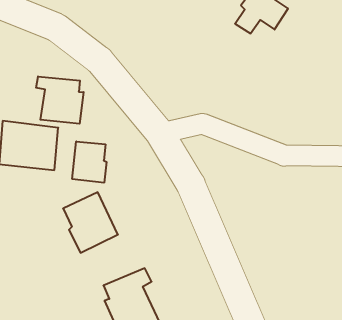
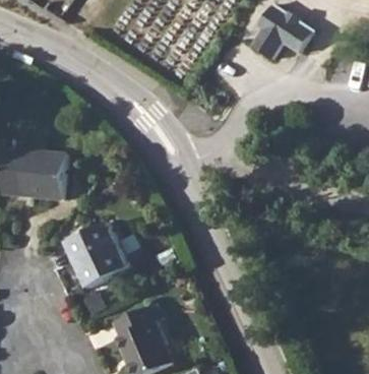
building: [36,76,84,124] -> none
building: [72,141,107,183] -> none

